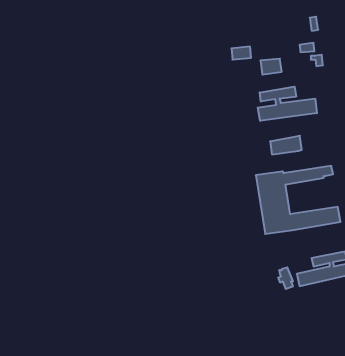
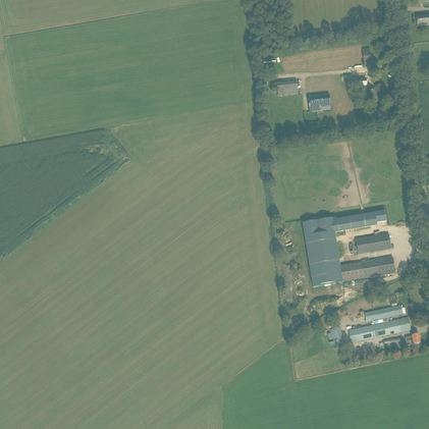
building: [258,87,317,121] -> none
building: [270,136,302,154] -> [356,232,390,253]

